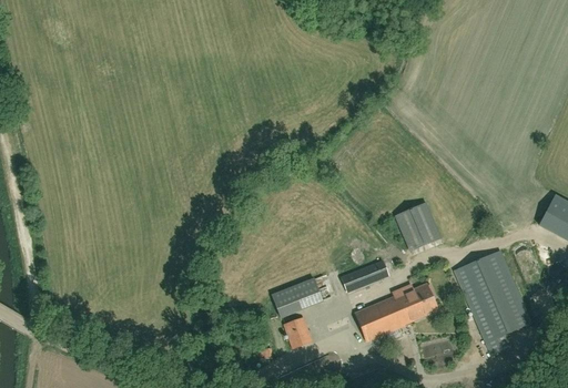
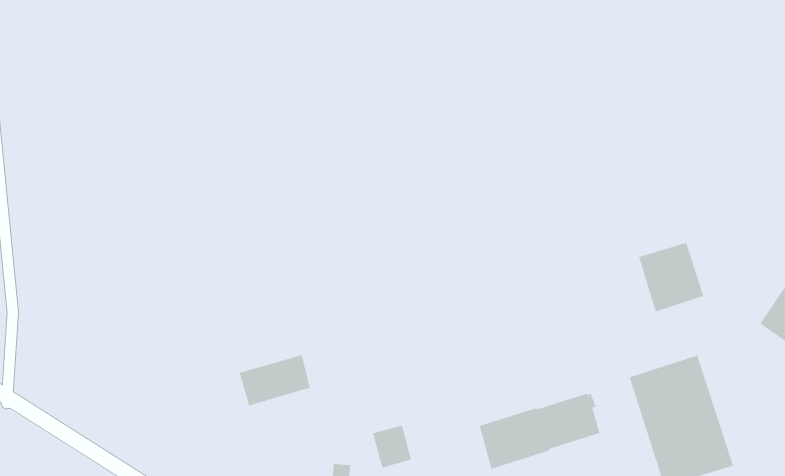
building: [394,202,442,252] -> [638,242,704,312]
building: [341,259,389,293] -> none
building: [272,278,322,317] -> [239,354,311,406]

